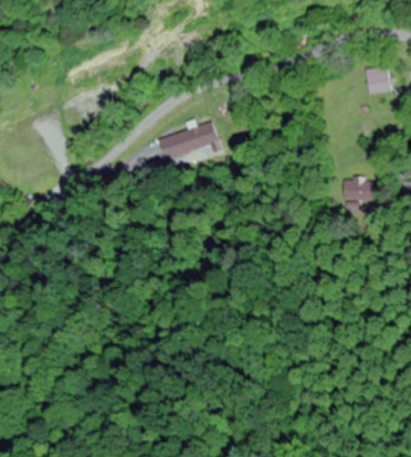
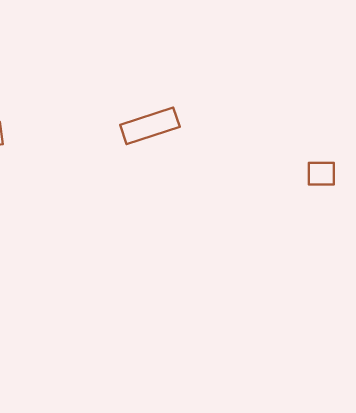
building: [365,67,391,95] -> none

